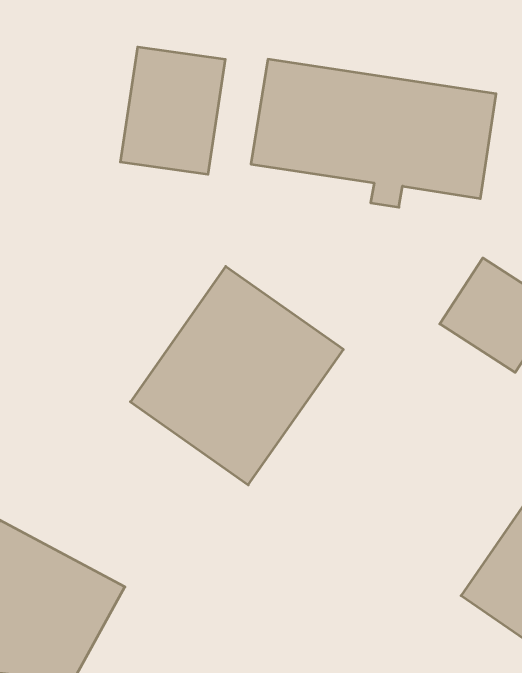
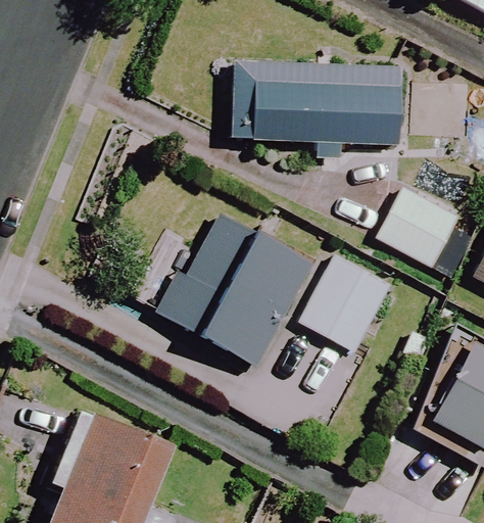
building: [120,47,225,174] -> none
building: none -> [302,254,391,349]

